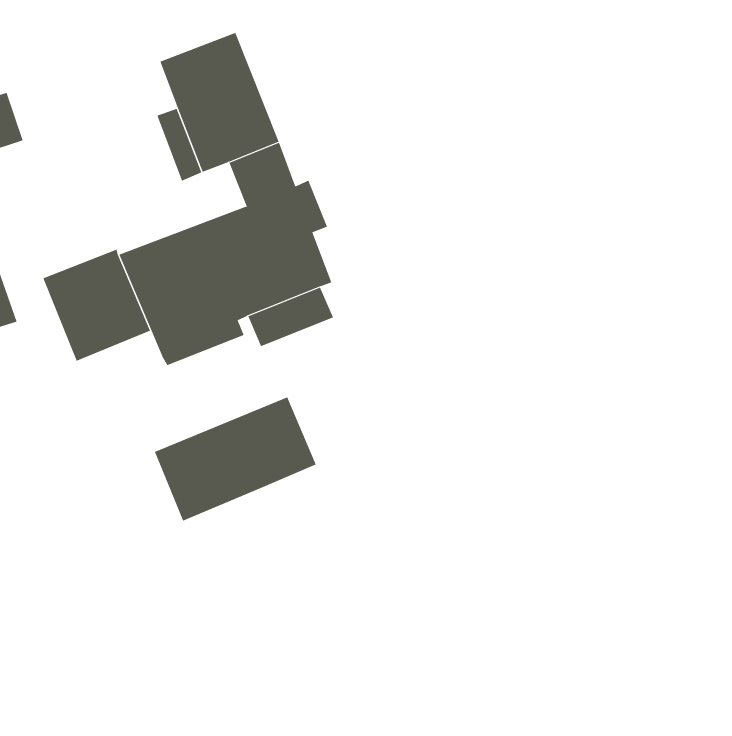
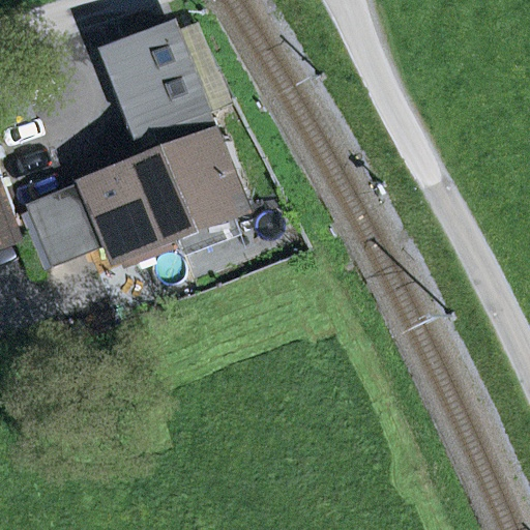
building: [154,396,317,522] -> none

